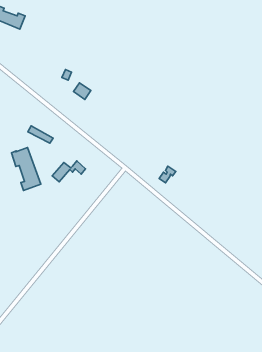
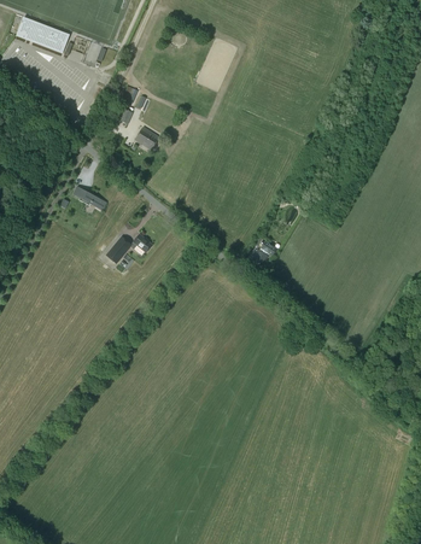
building: [11,148,41,190] -> none

